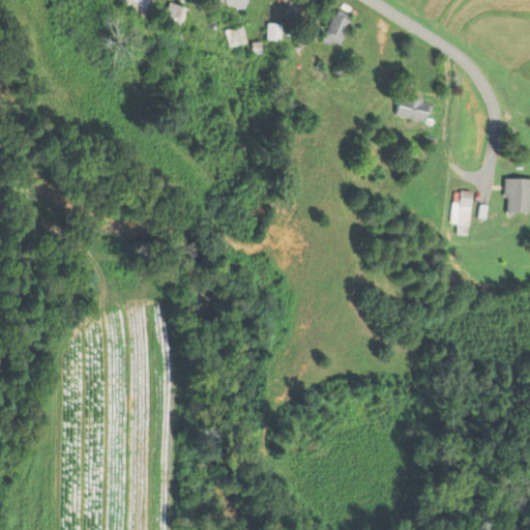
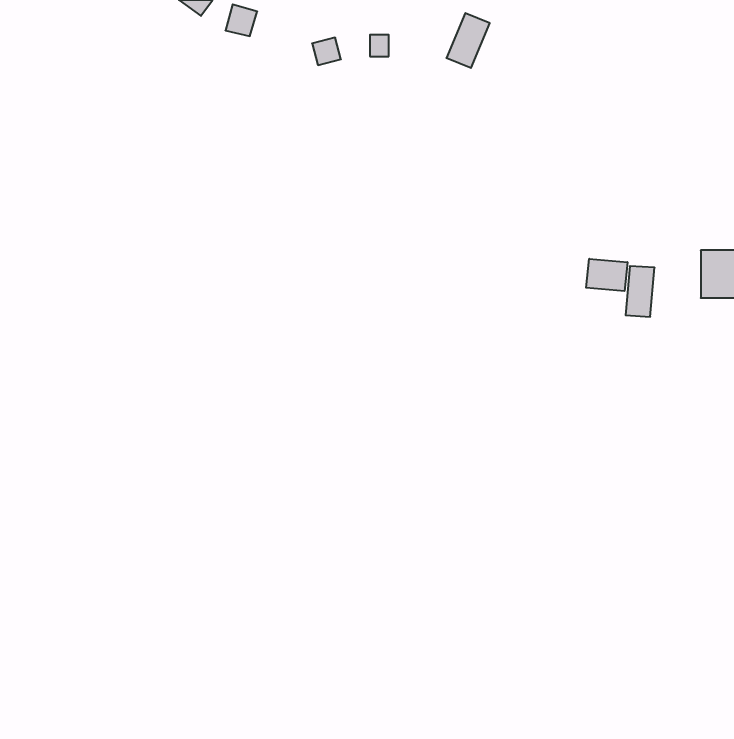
building: [396,92,433,124] -> none
building: none -> [586,259,627,291]

